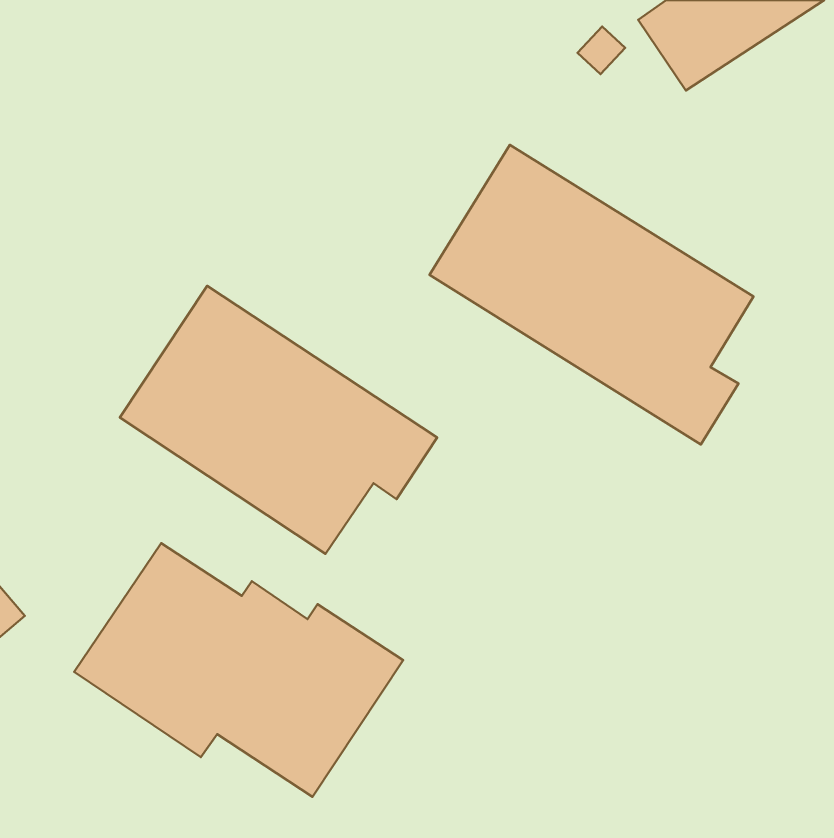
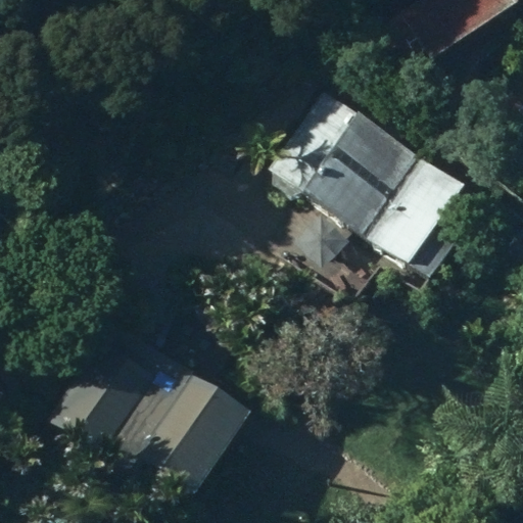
building: [120,286,437,554] -> none

